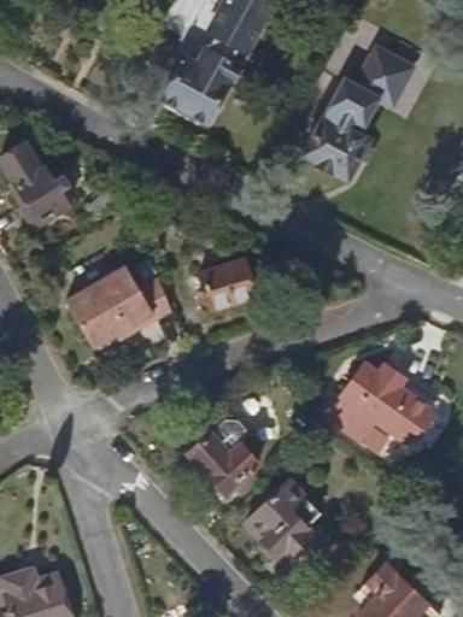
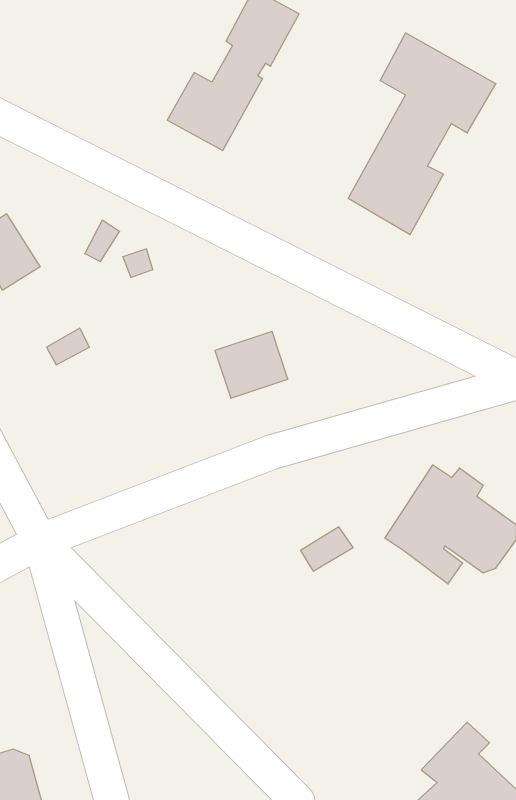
building: [65,265,171,347] -> none
building: [189,422,258,495] -> none
building: [248,488,321,566] -> none

